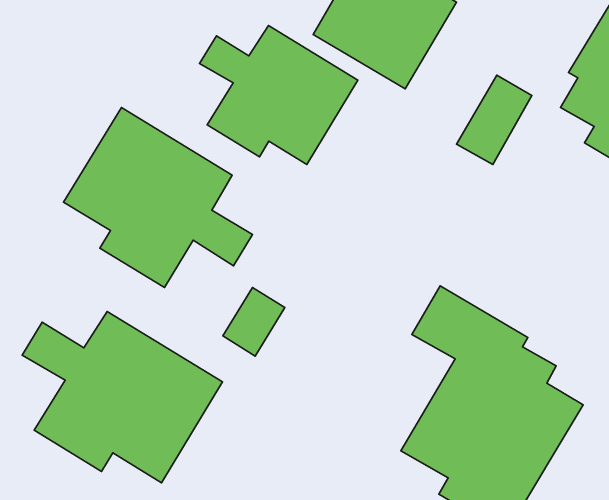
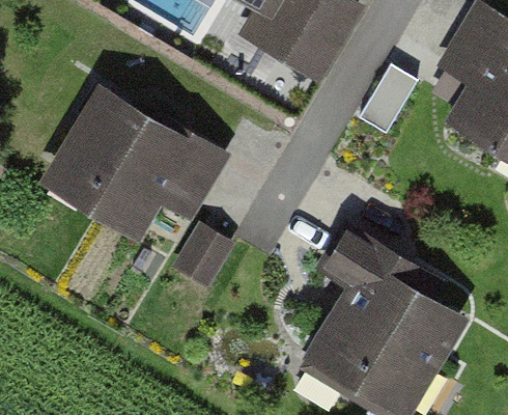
building: [200,25,358,165] -> none
building: [22,312,222,483] -> none

